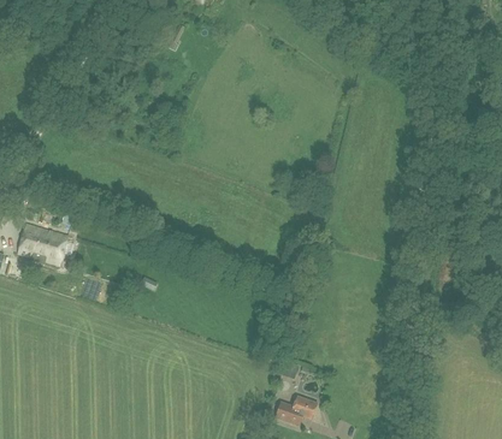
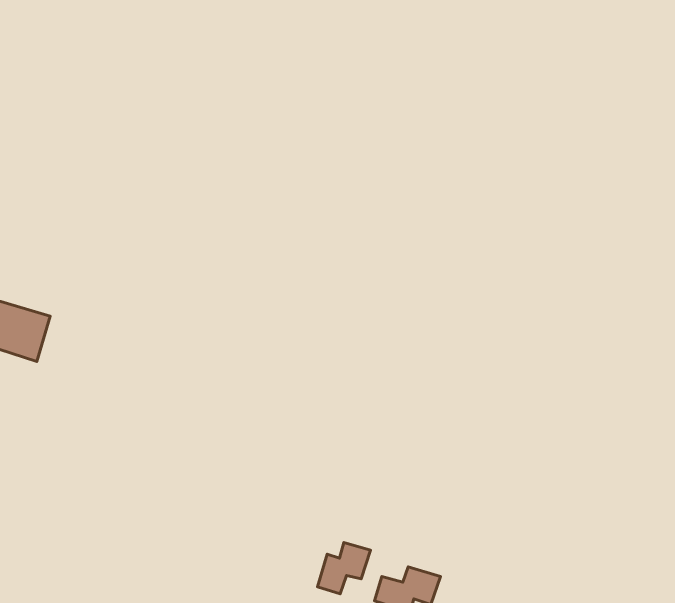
building: none -> [317,542,371,594]

